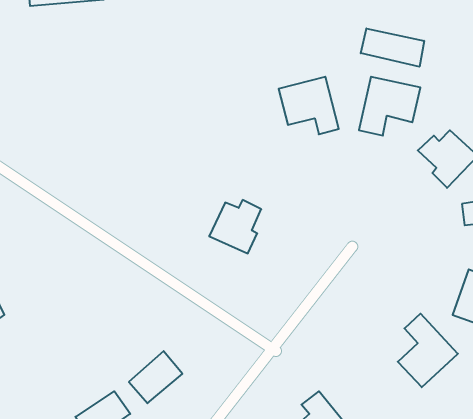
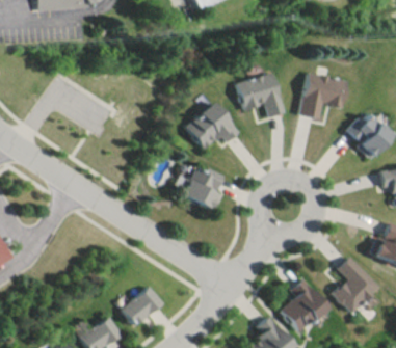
building: [361,28,424,67] -> none
building: none -> [185,103,237,150]
building: none -> [278,279,324,332]

